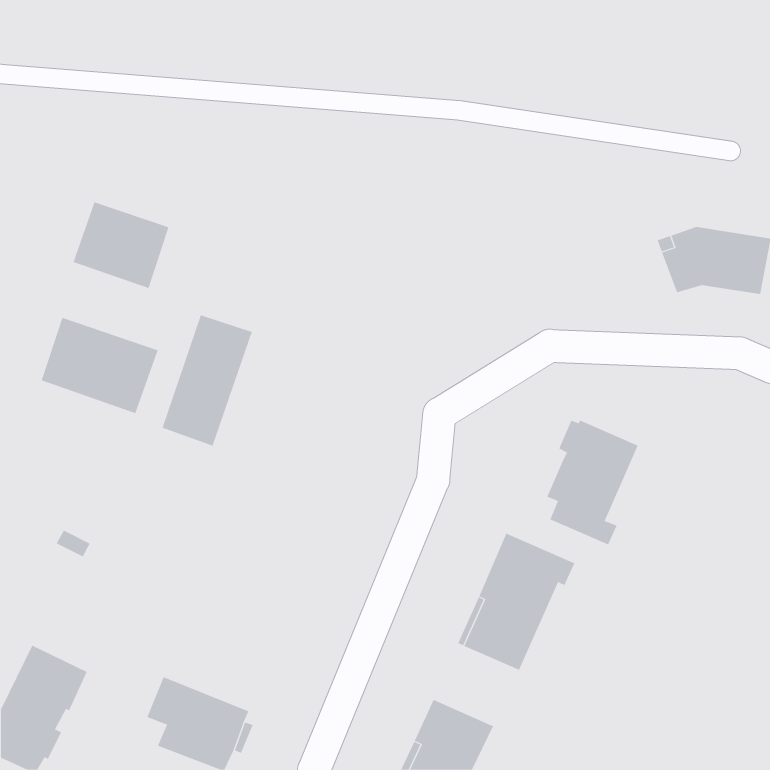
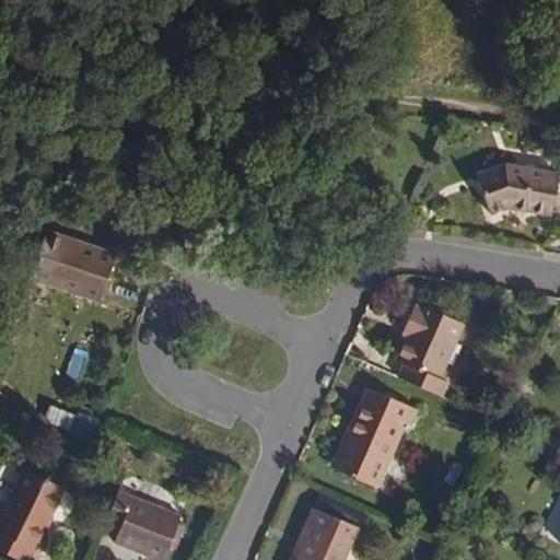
building: [73,202,169,289] -> none
building: [162,315,252,447] -> none

